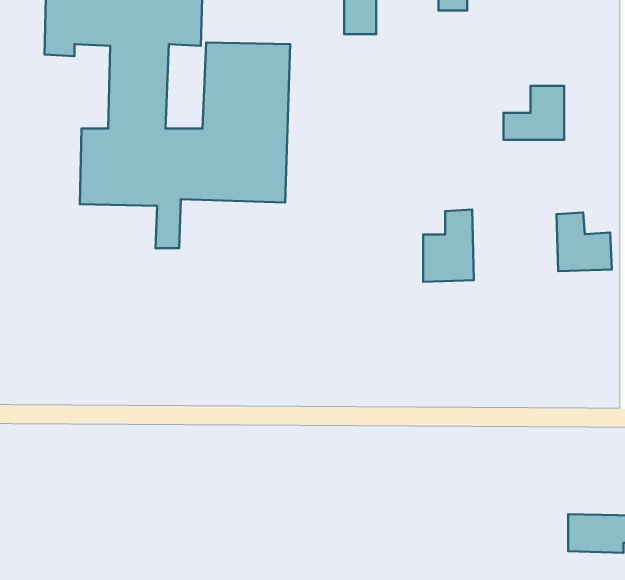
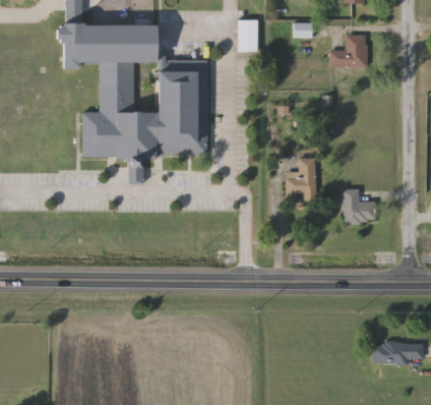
building: [504,86,564,140] -> [331,36,368,68]
building: [556,212,612,271] -> [344,189,377,225]

